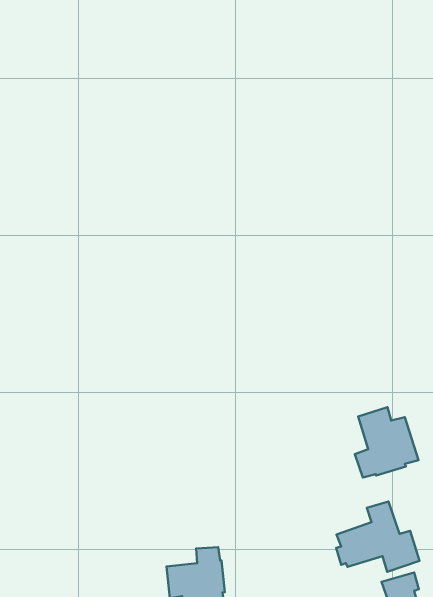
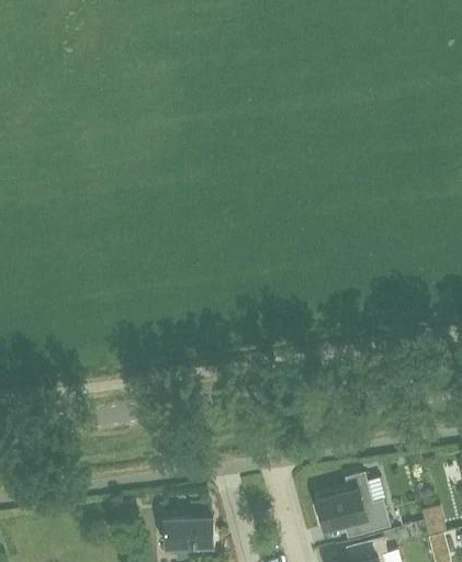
building: [355,407,419,477] -> none

